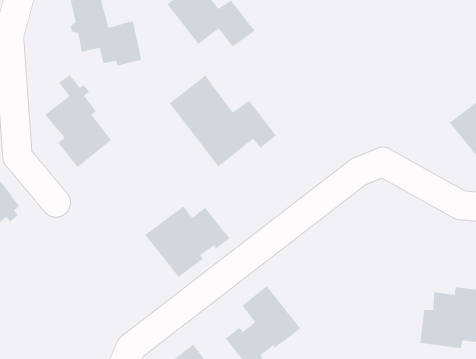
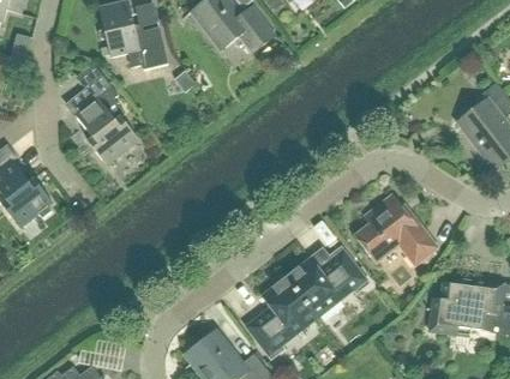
building: [169,75,277,168] -> none
building: none -> [352,194,438,265]
building: [144,205,231,278] -> [286,248,367,317]

